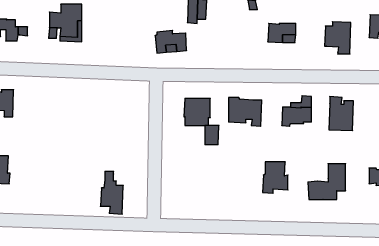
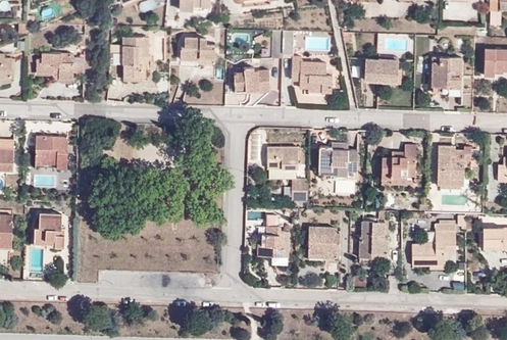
building: none -> [181,38,215,60]
building: none -> [291,56,333,93]
building: none -> [308,227,341,261]
building: [100,171,123,214] -> [262,215,289,265]

